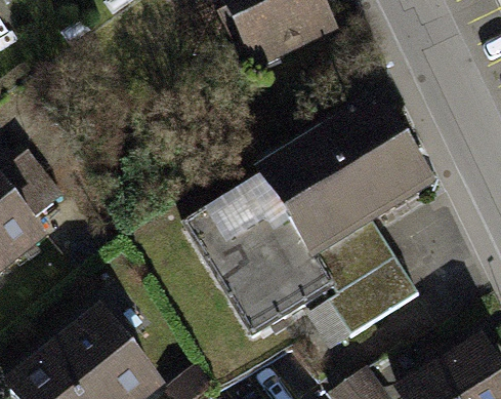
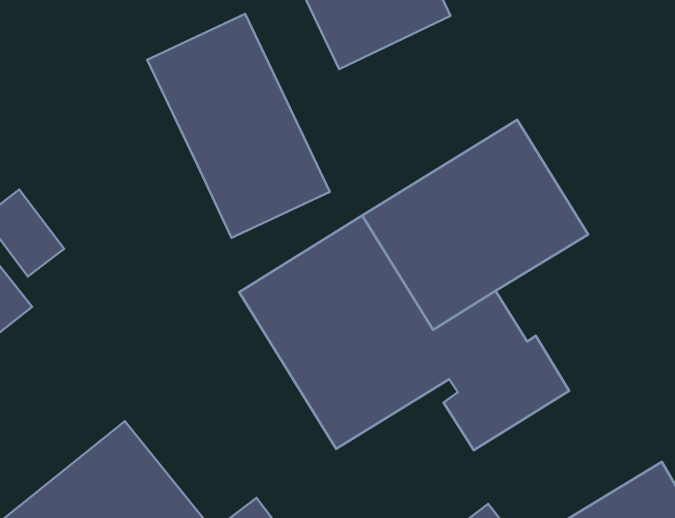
building: none -> [147,14,330,238]

